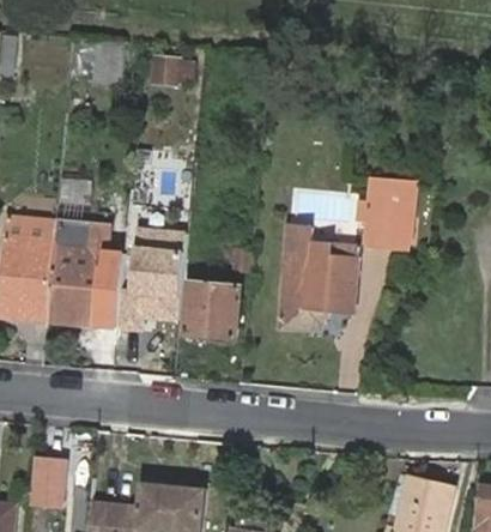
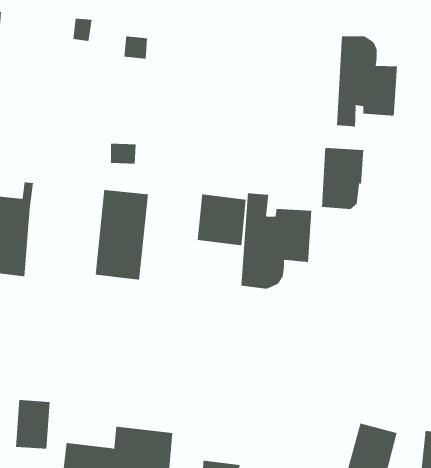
building: none -> [336,35,397,127]
building: [46,225,109,324] -> none
building: [184,283,238,339] -> [197,194,247,246]

